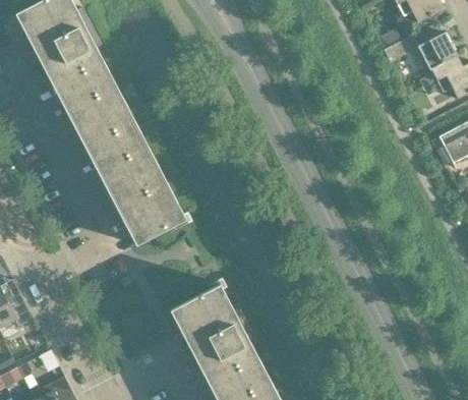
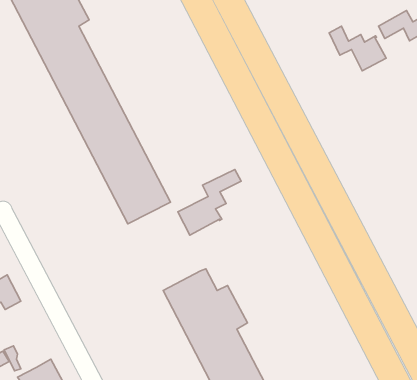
building: none -> [329,26,386,71]
building: none -> [178,169,241,235]

